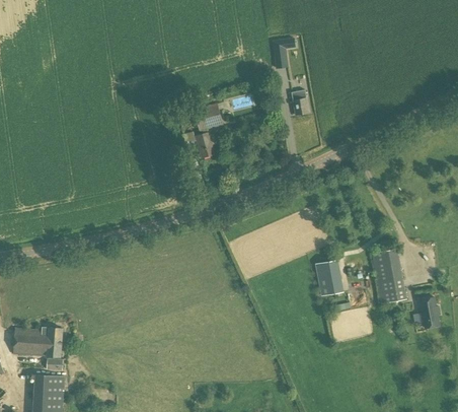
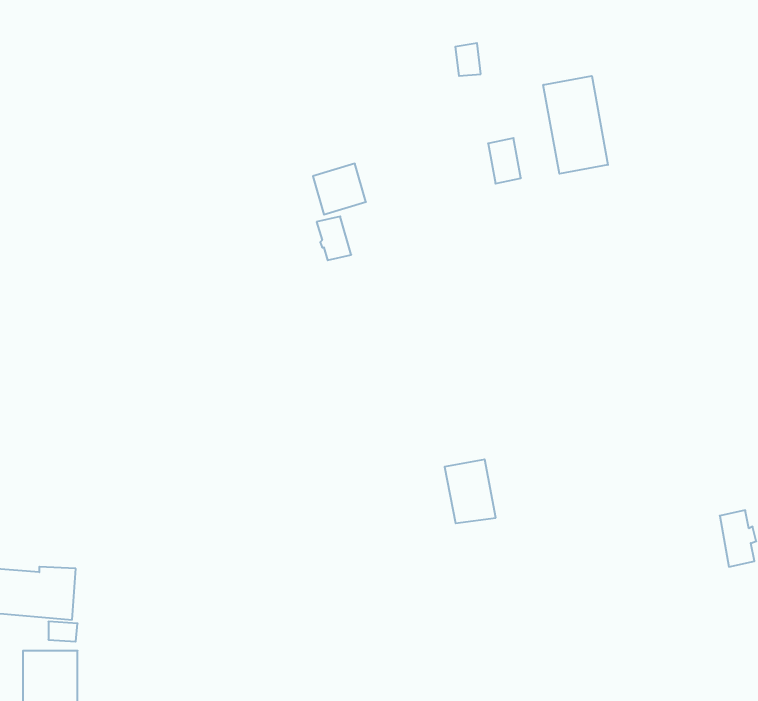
building: none -> [543,76,608,174]
building: [371,249,405,303] -> none
building: [314,260,342,295] -> [445,459,496,523]

